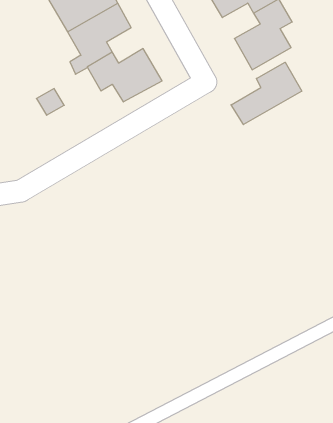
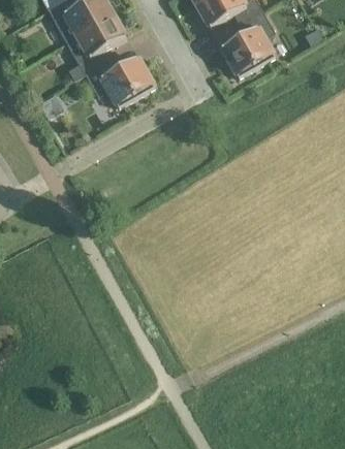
building: [231,62,302,125] -> none

